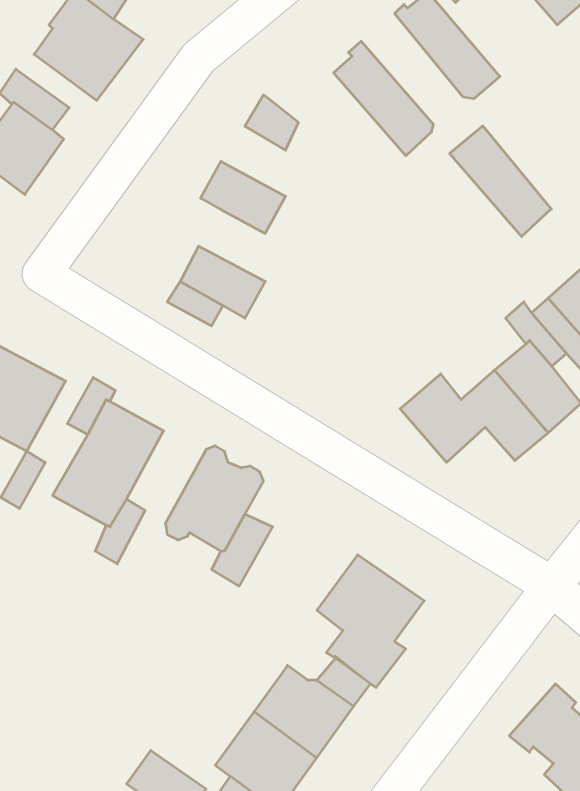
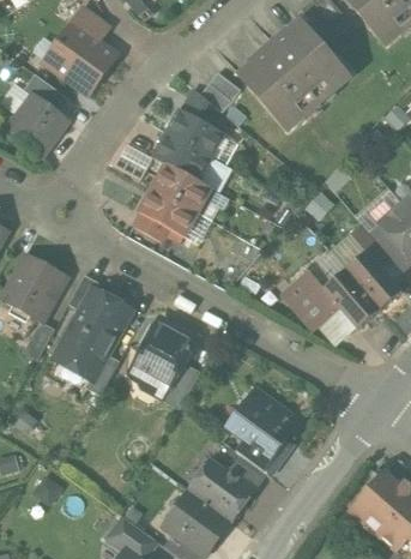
building: none -> [200,72,240,113]
building: none -> [168,109,223,156]
building: [450,126,551,237] -> [259,37,325,109]
building: none -> [153,164,210,211]

